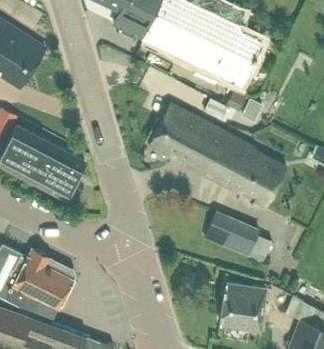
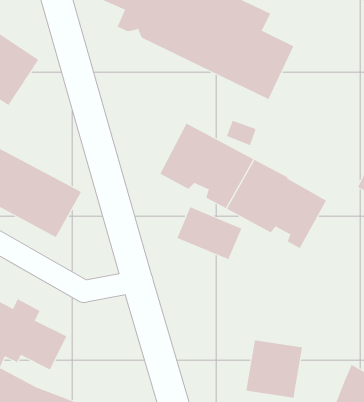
building: [205,212,259,256] -> [177,207,242,260]

